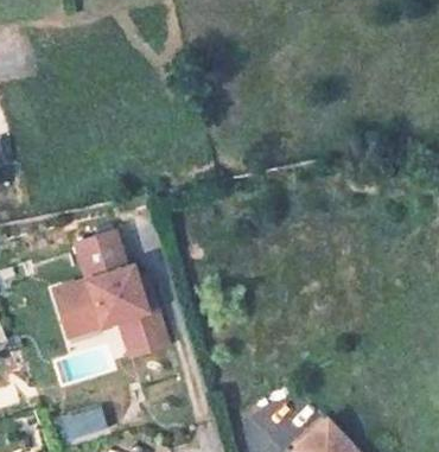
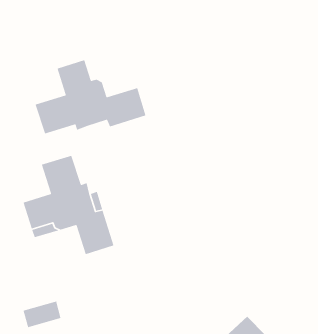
building: none -> [34,59,147,135]

